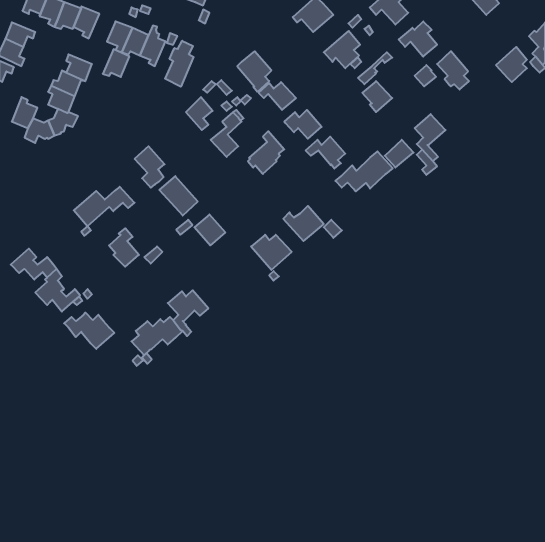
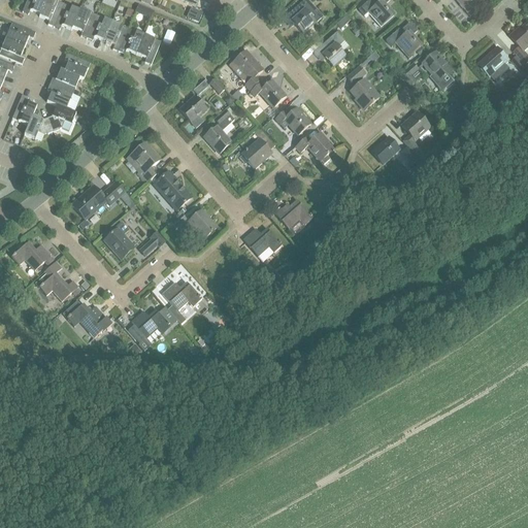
building: [165,41,194,87] -> none
building: [103,49,129,77] -> [86,13,111,40]
building: [335,151,393,191] -> none

